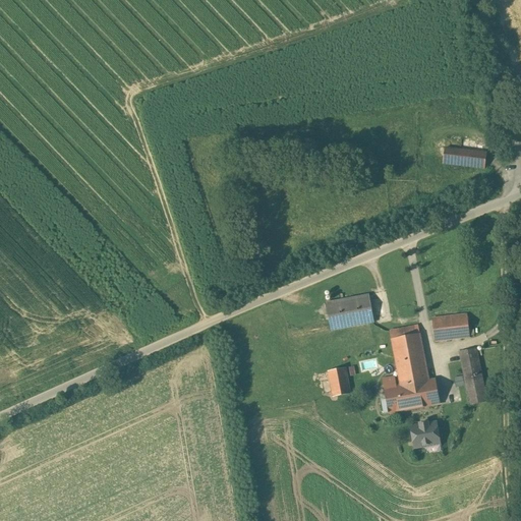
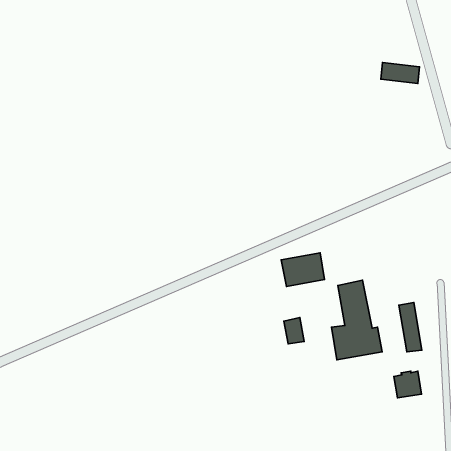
building: [442,146,486,170] -> [381,62,420,84]
building: [430,312,468,341] -> none
building: [409,419,441,450] -> [394,371,421,398]

